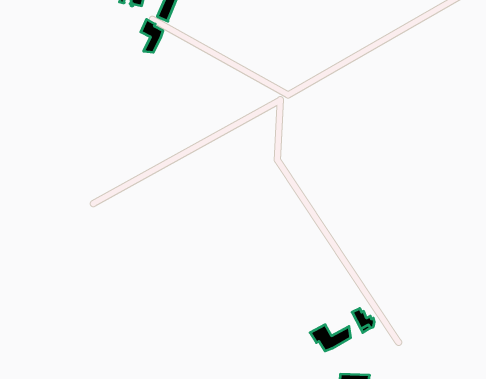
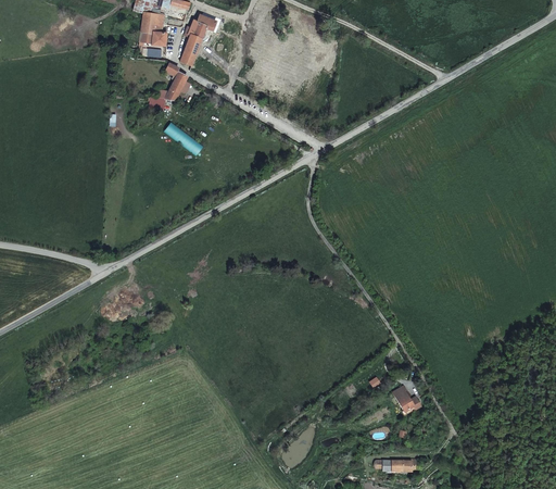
building: [310,325,351,351] -> none

